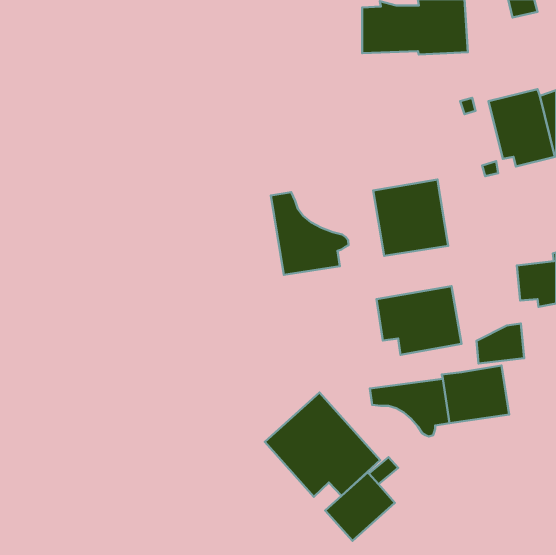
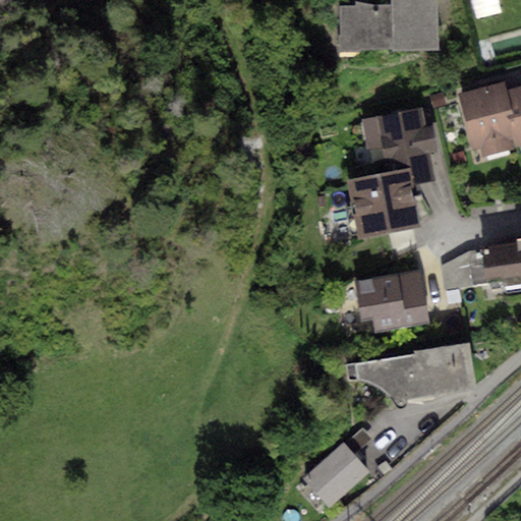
building: none -> [359,105,437,180]
building: [271,192,348,275] -> none
building: [476,323,524,364] -> [442,248,486,286]
building: [265,392,380,497] -> none

